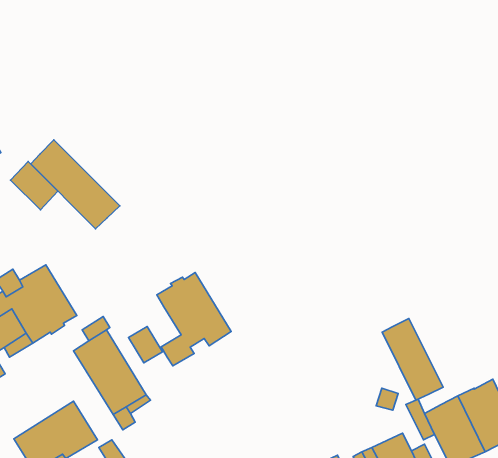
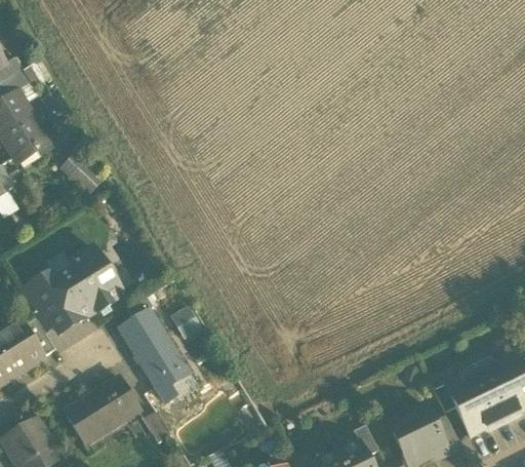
building: [31,140,120,229] -> none
building: [157,272,231,366] -> none
building: [382,318,443,400] -> none

